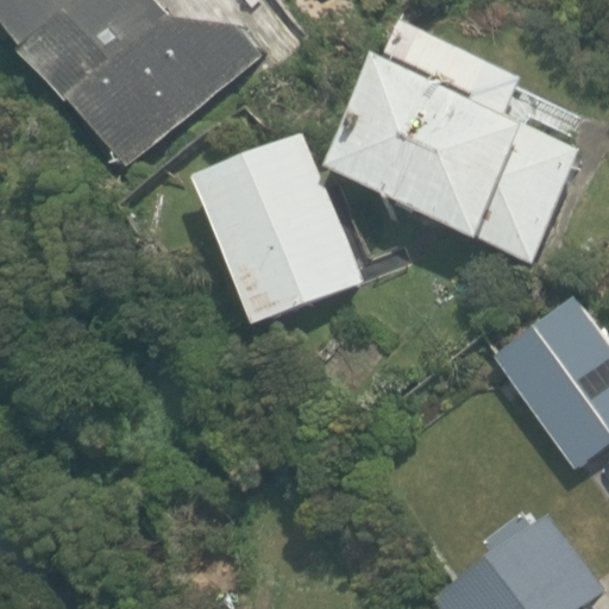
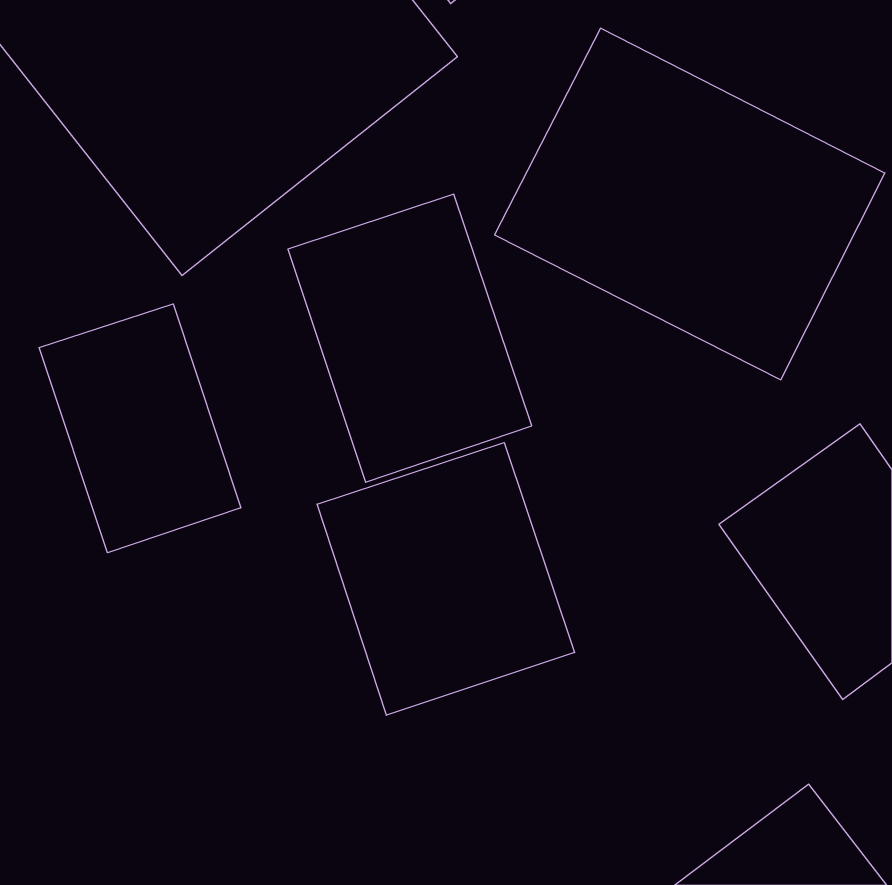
building: none -> [39,304,241,553]
building: none -> [317,443,575,715]

